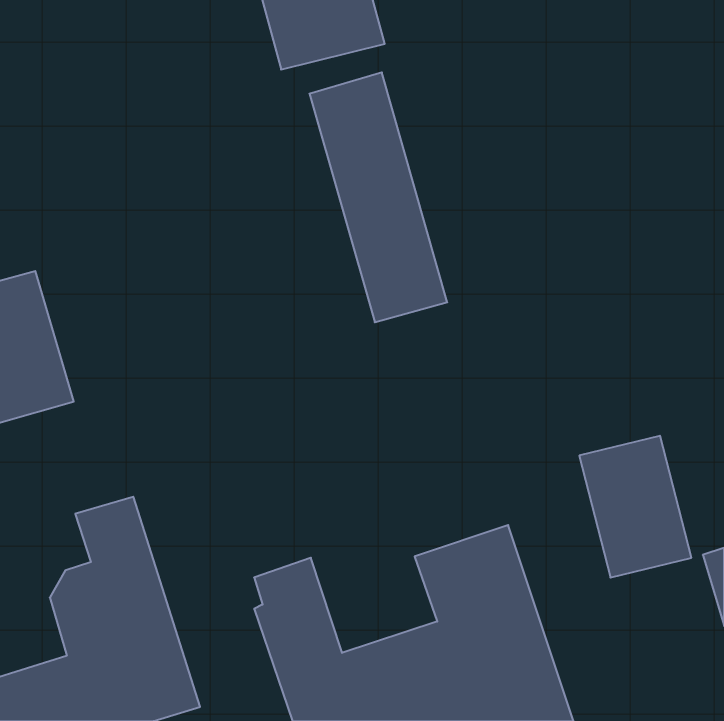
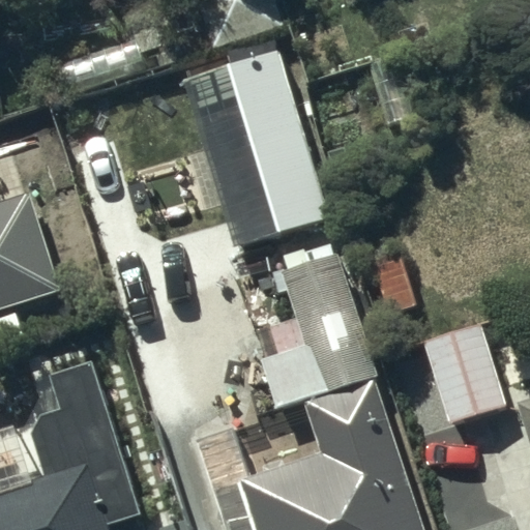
building: none -> [252,255,377,409]

